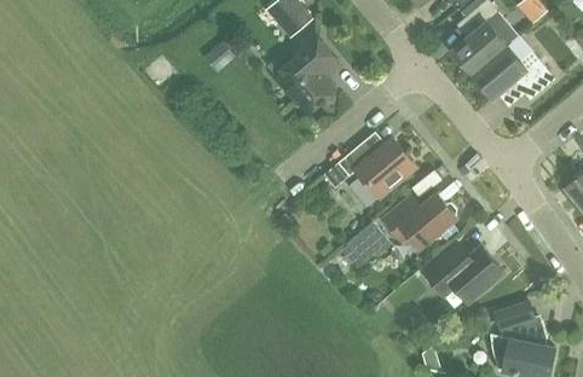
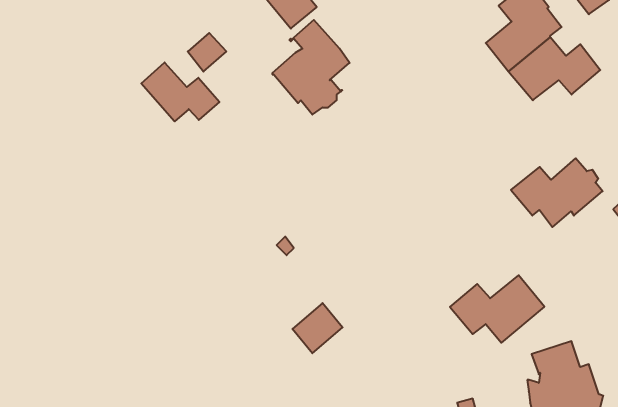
building: none -> [141,62,219,121]
building: [337,137,416,196] -> none
building: [382,191,460,249] -> [511,158,603,227]
building: [345,221,387,263] -> [292,303,343,353]

